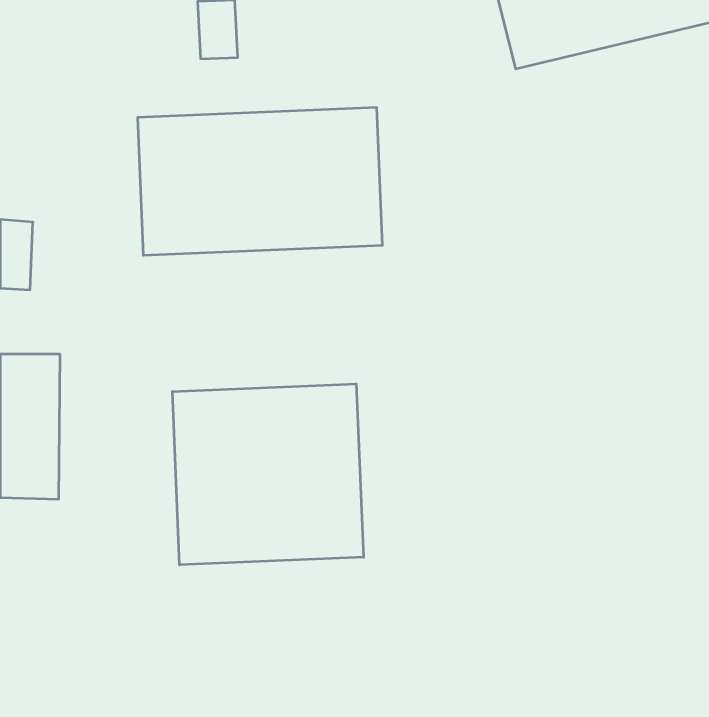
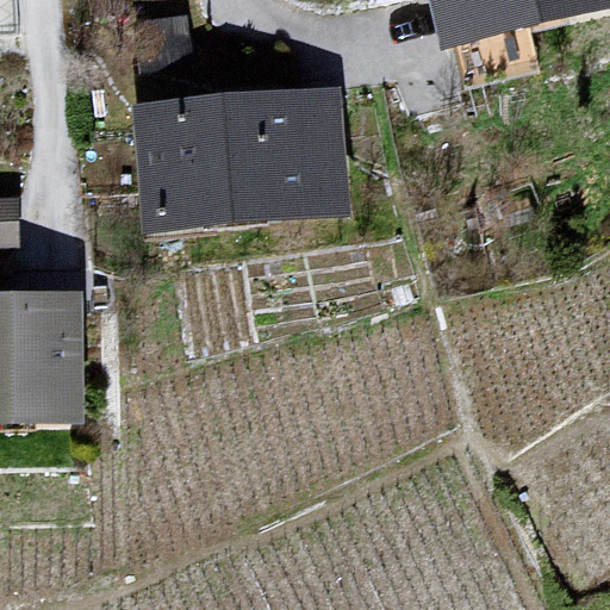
building: [172,384,364,565] -> none

